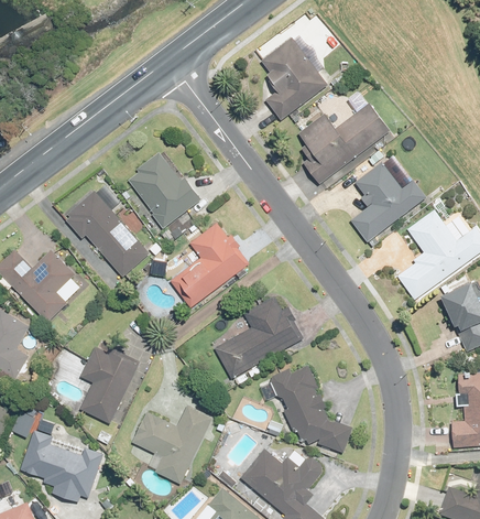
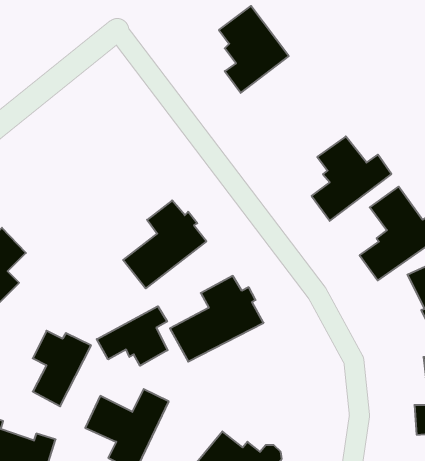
building: [298,98,393,186] -> none
building: [126,151,200,228] -> none
building: [65,187,152,275] -> none
building: none -> [97,306,168,366]
building: [271,364,352,452] -> none

